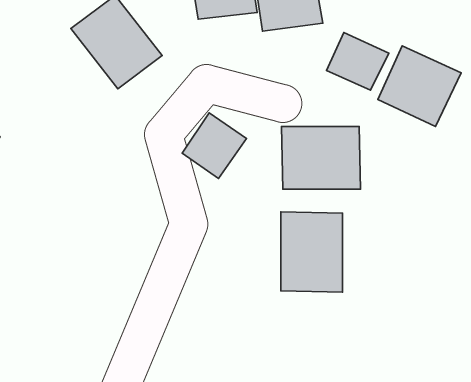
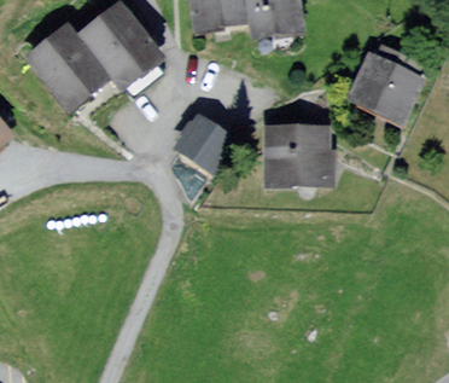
building: none -> [27,31,104,111]
building: [327,32,389,90] -> none
building: [281,212,343,292] -> none

